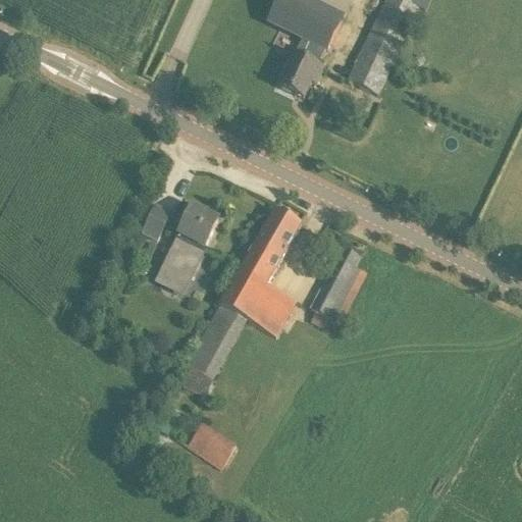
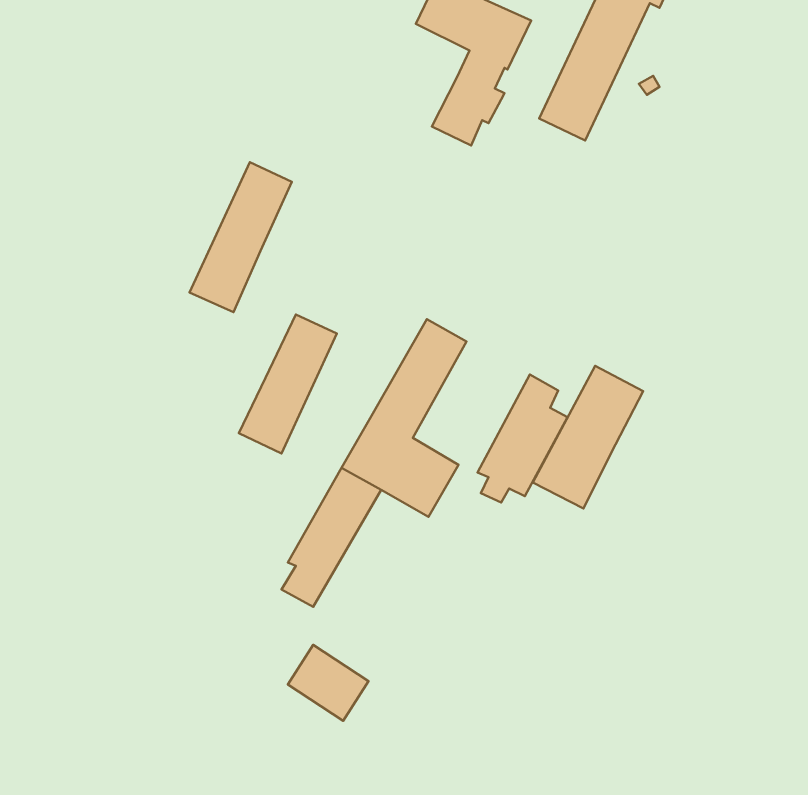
building: none -> [189,162,292,312]
building: [142,201,170,236] -> none
building: none -> [533,366,643,508]

